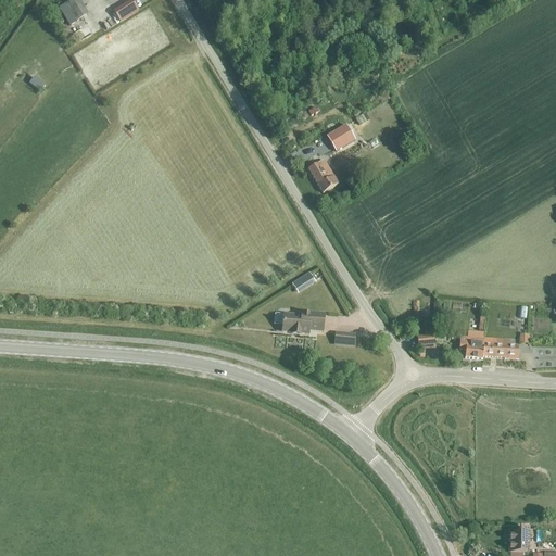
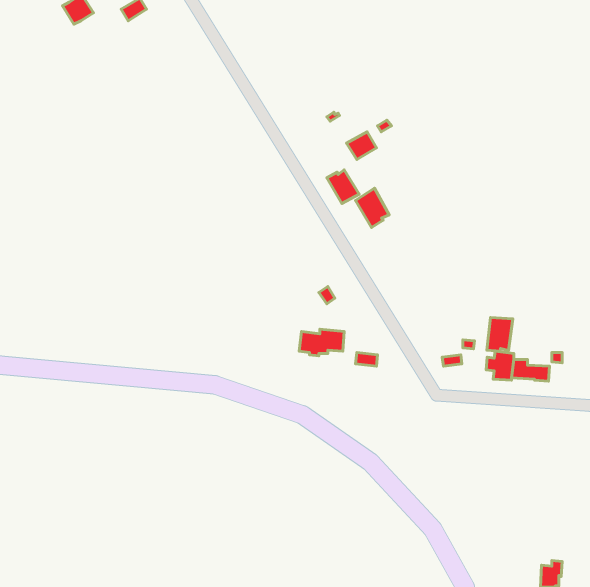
building: none -> [356,188,389,227]
building: none -> [487,317,513,351]

